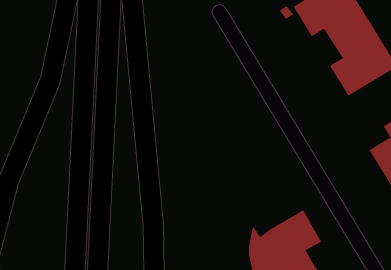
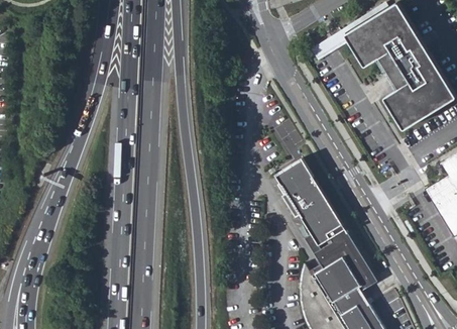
building: none -> [273,158,357,269]

